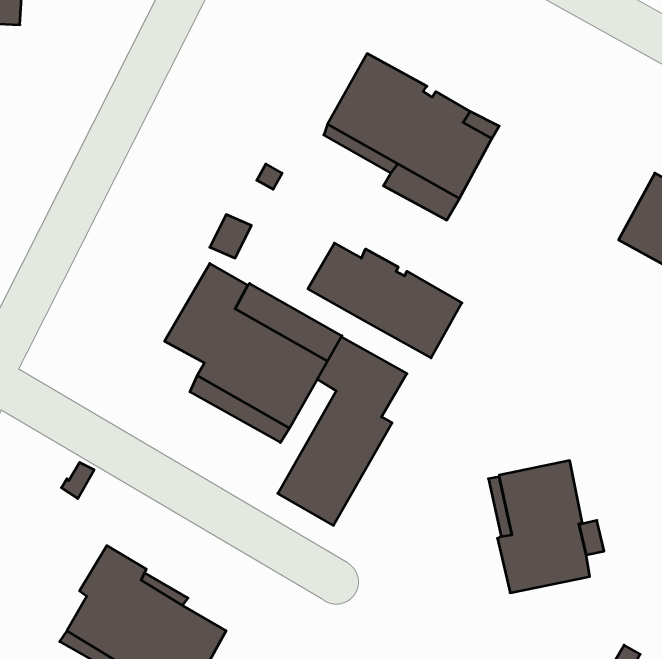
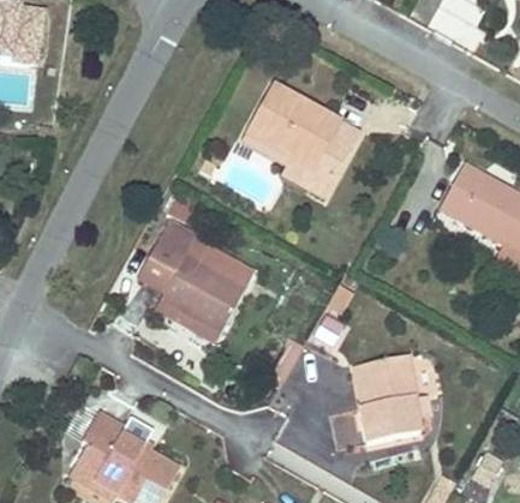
building: [308,243,462,358] -> none
building: [278,337,407,525] -> none

